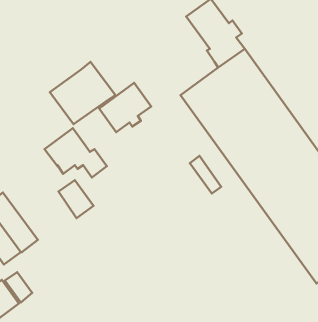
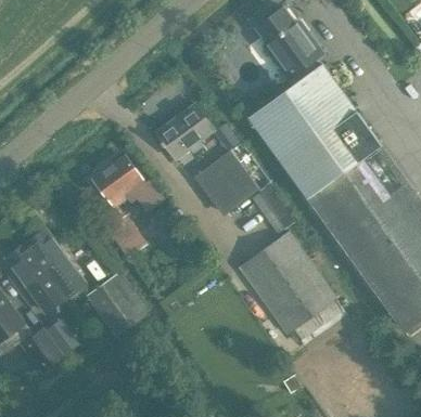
building: [50,62,115,124] -> [194,141,269,212]
building: none -> [239,231,346,346]
building: none -> [86,271,148,335]

